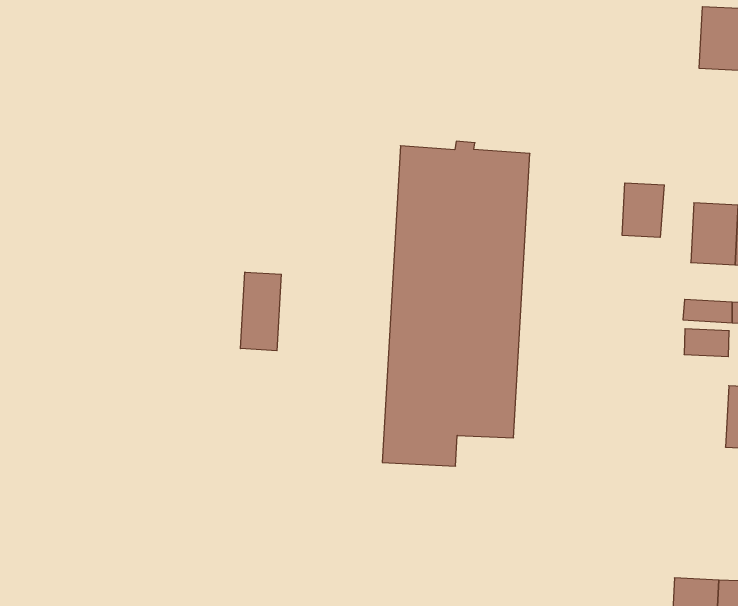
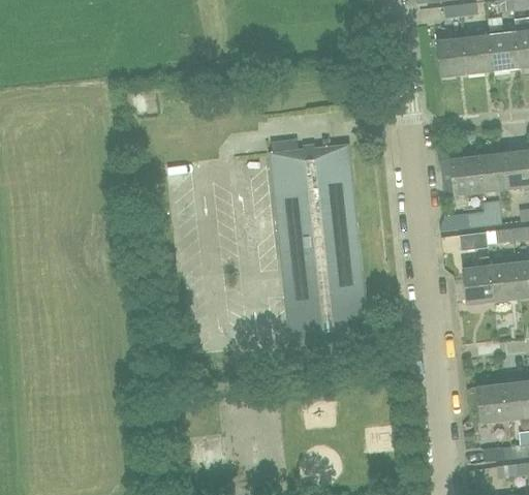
building: [622,183,664,237] -> none
building: [240,272,281,351] -> none
building: none -> [464,256,495,305]

